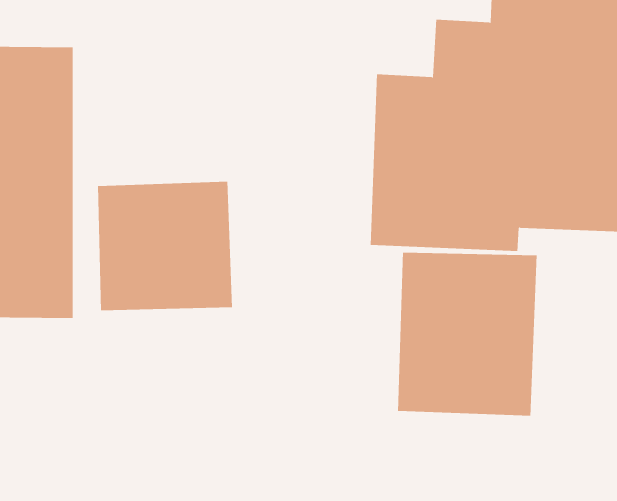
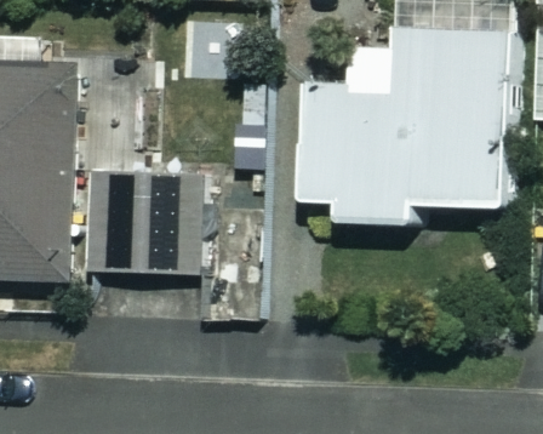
building: [398,252,537,417] -> none

